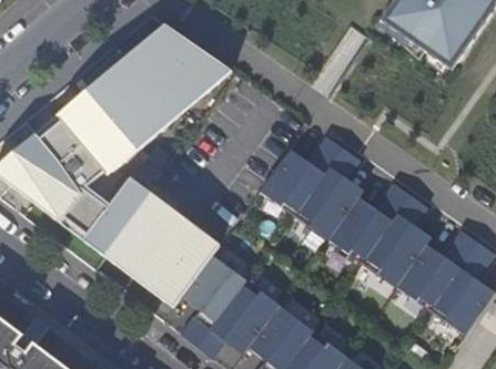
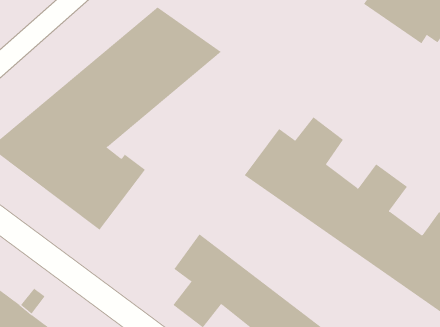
building: [107,192,221,305] -> none

